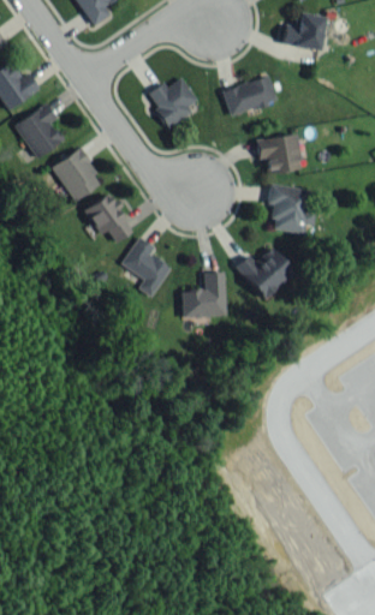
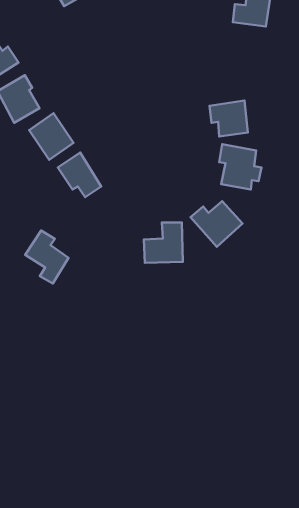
building: [222,74,276,115] -> none
building: [147,77,200,125] -> none
building: [121,237,171,297] -> [25,230,69,283]

